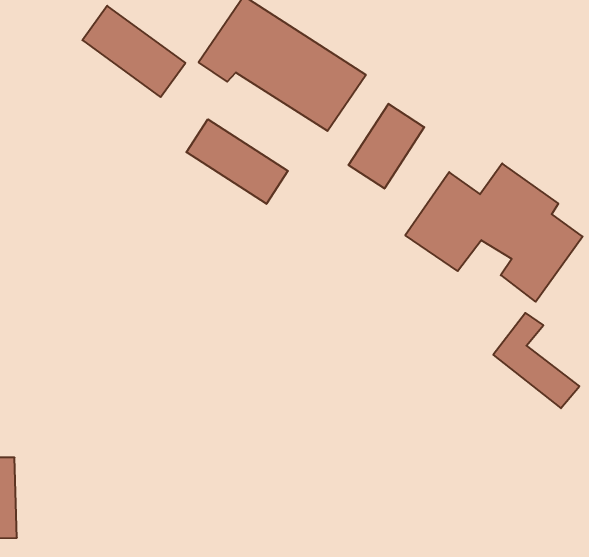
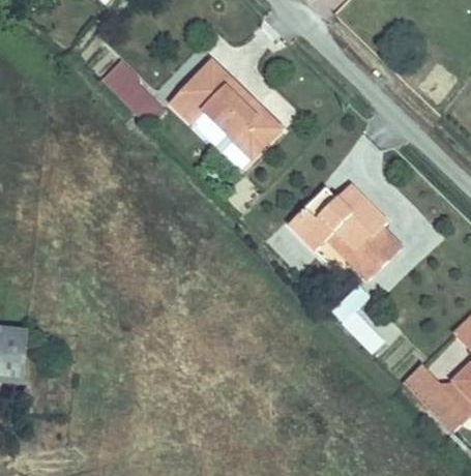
building: [349,104,424,189] -> none
building: [186,119,288,204] -> none

